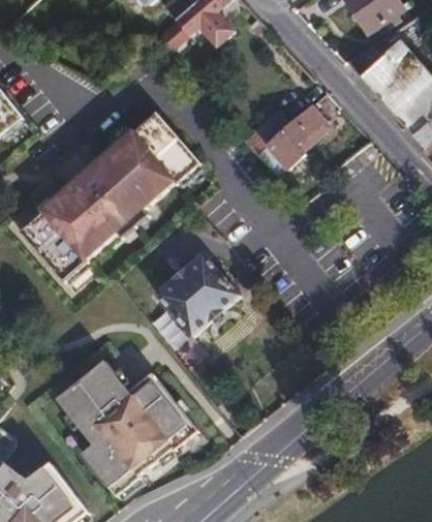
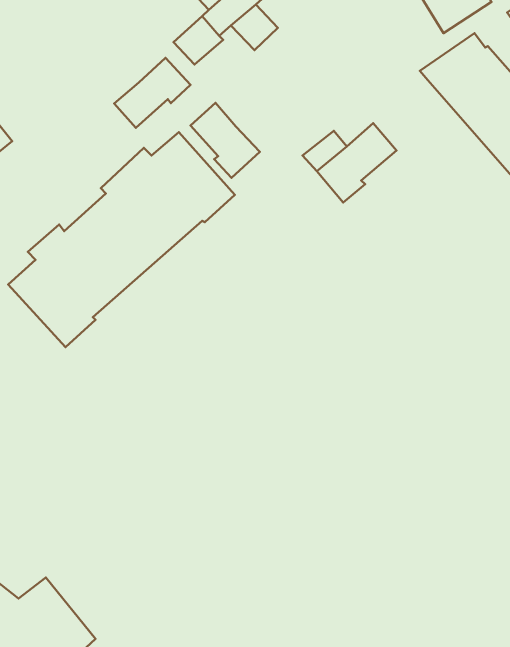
building: none -> [114,58,191,128]
building: none -> [190,103,260,178]
building: [155,254,239,338] -> none
building: [57,363,197,497] -> none

